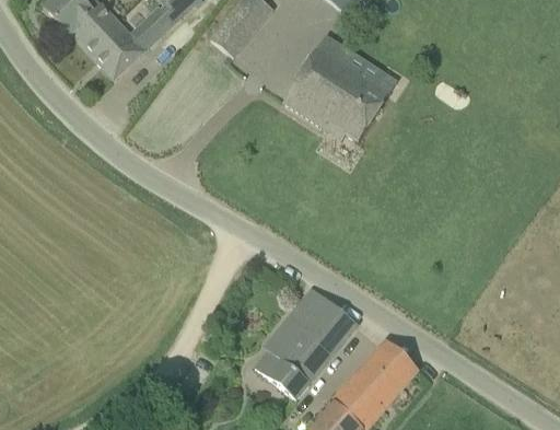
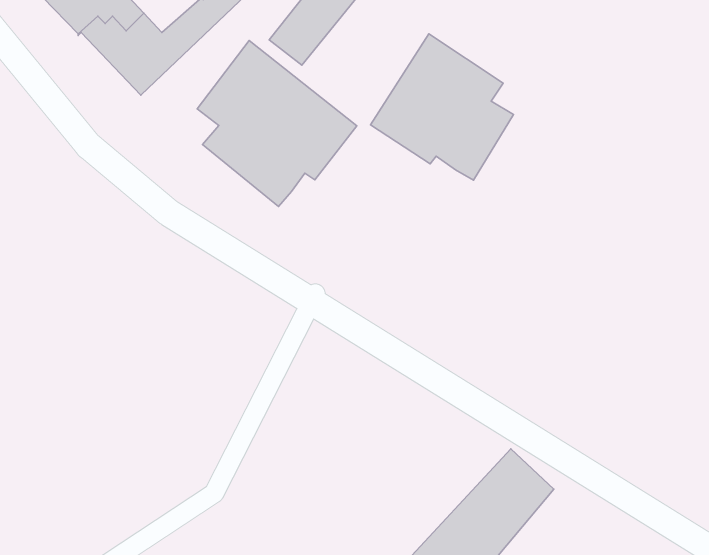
building: none -> [197,40,357,206]
building: [255,287,357,398] -> none

